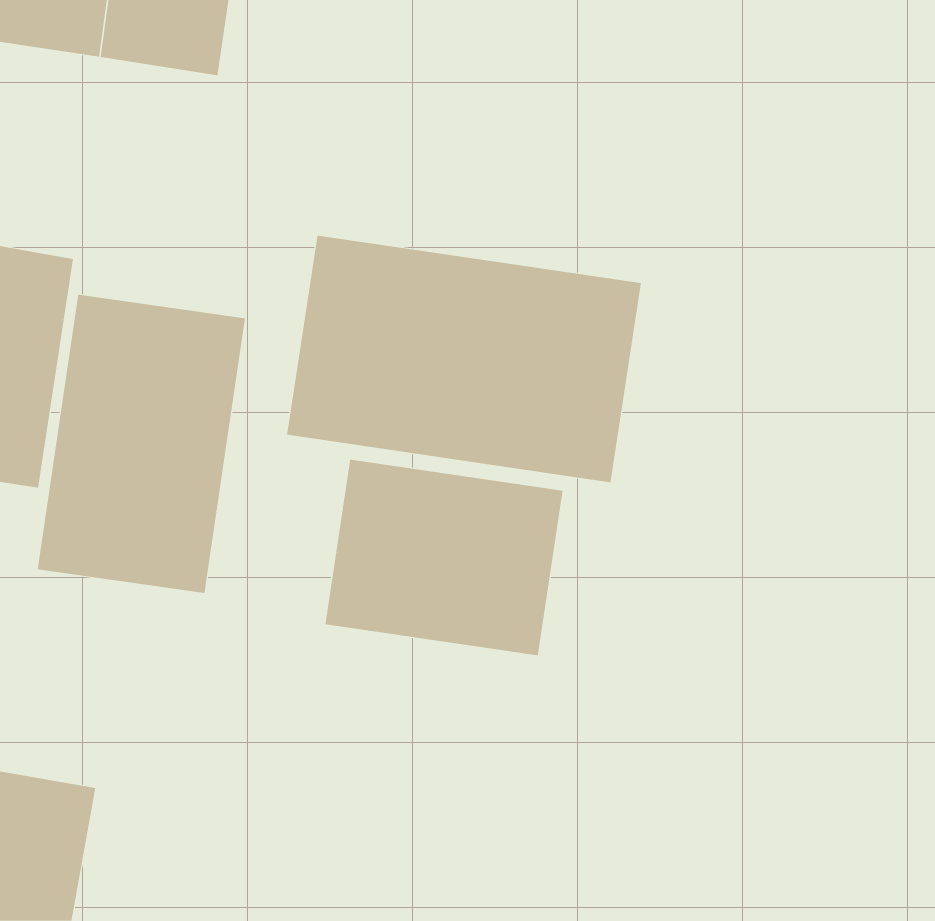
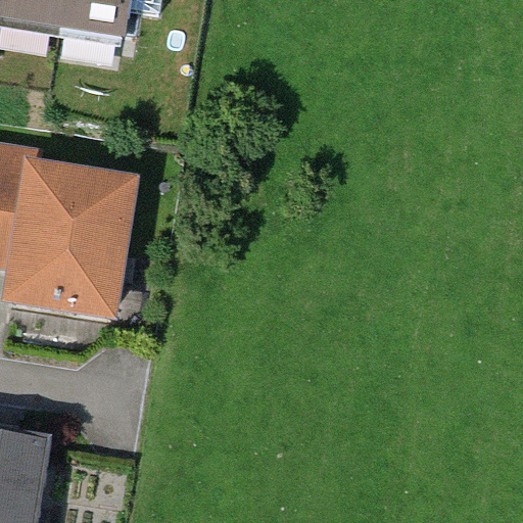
building: [287,235,641,483] -> none
building: [325,459,563,656] -> none

